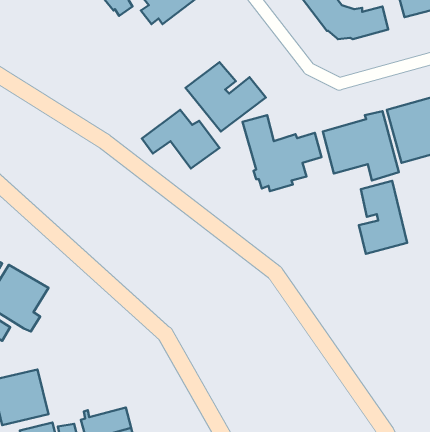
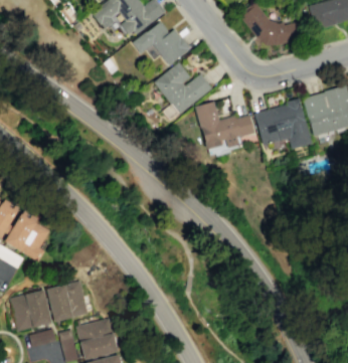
building: [142,110,219,168] -> [132,21,189,64]
building: [359,181,407,254] -> none
building: none -> [45,281,88,323]

